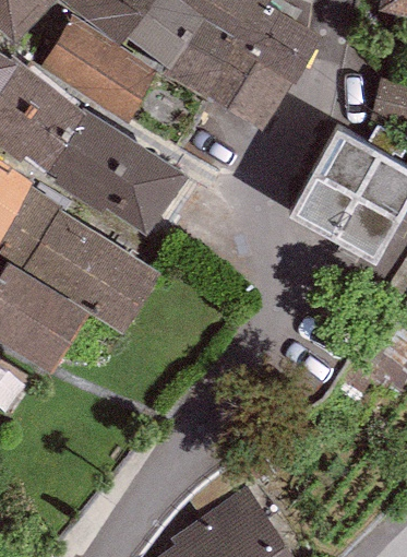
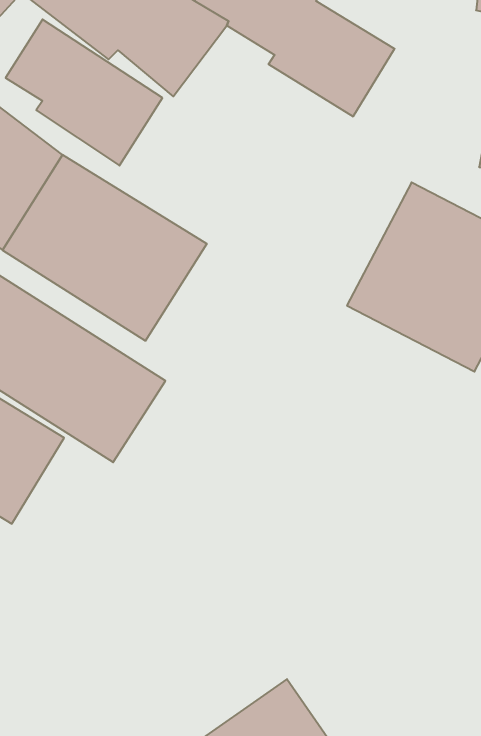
building: [160,19,291,130] -> none

